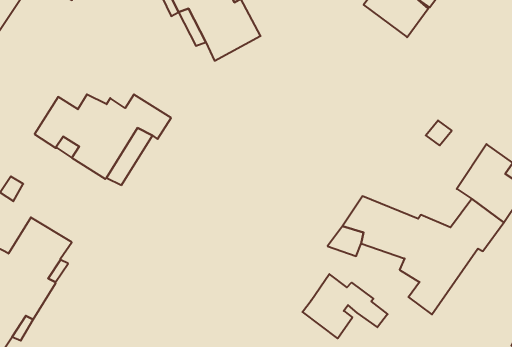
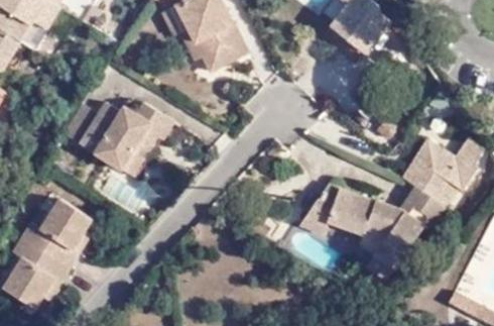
building: [302,274,388,338] -> none

